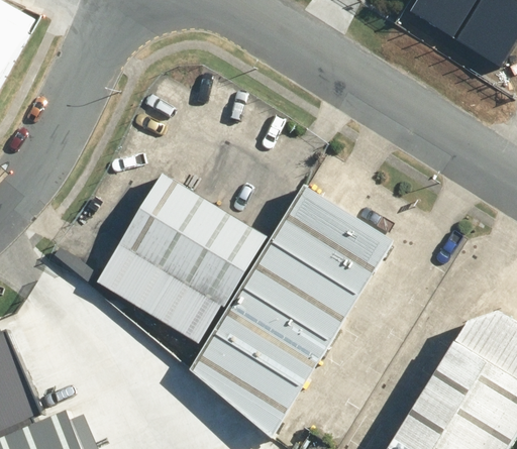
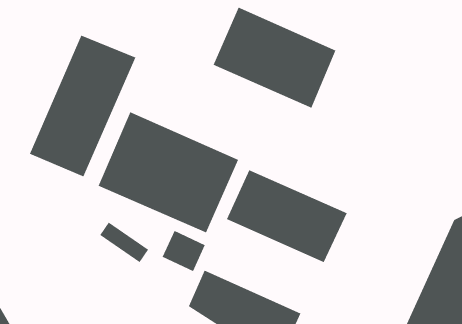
building: none -> [29,35,137,177]
building: [272,188,396,299] -> [213,6,336,109]
building: [214,289,333,391] -> none

